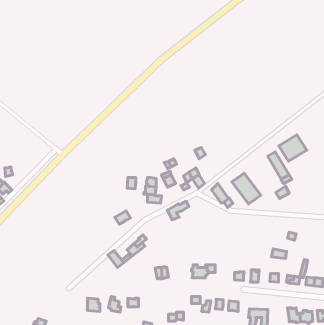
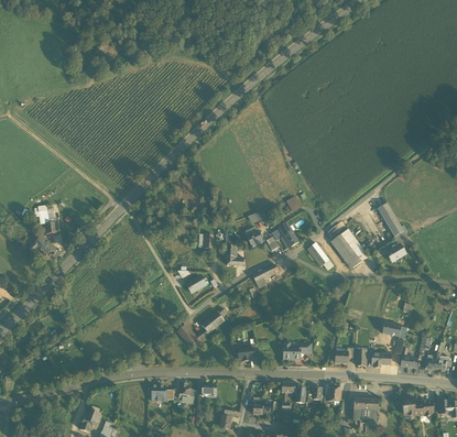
building: [279,135,307,161] -> none

